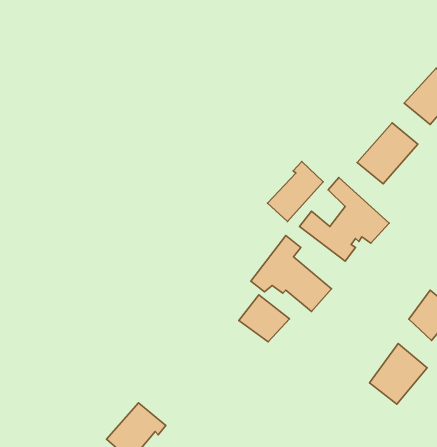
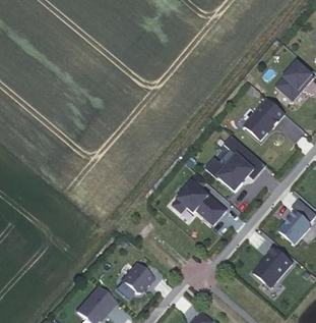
building: [268,161,323,221] -> none
building: [239,295,289,342] -> none
building: none -> [121,264,152,293]

